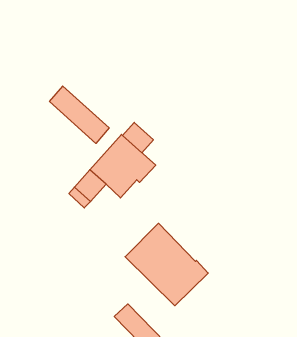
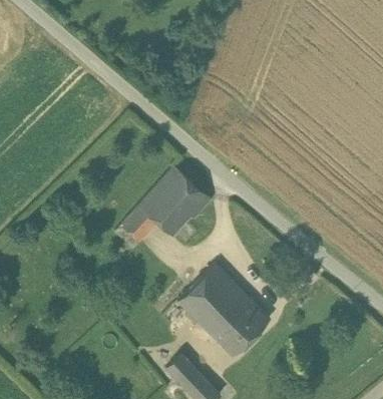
building: [50,86,109,143] -> none
building: [123,122,153,153] -> none

